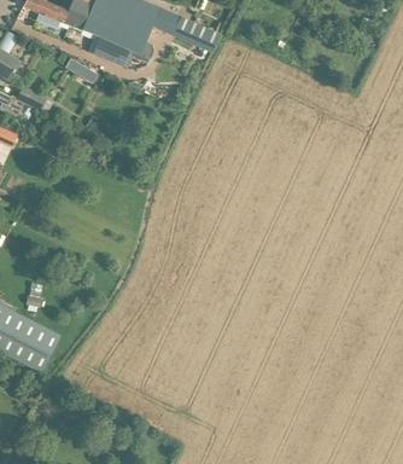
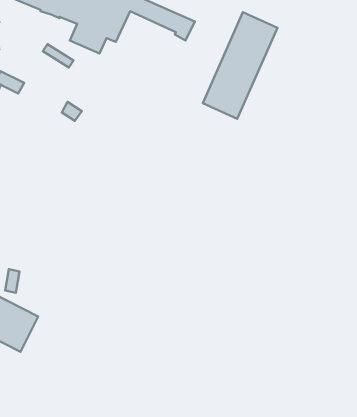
building: none -> [203,12,277,119]

